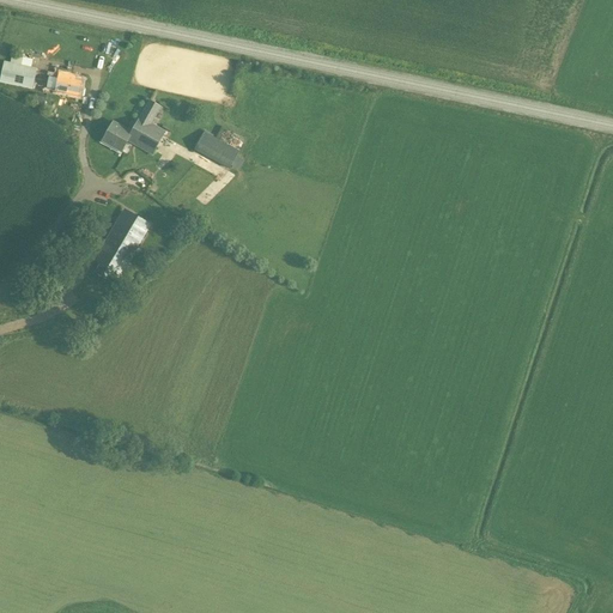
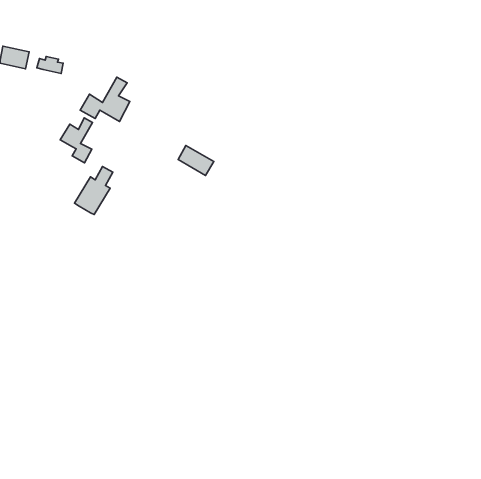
building: [194,129,239,168] -> [178,145,214,176]
building: none -> [60,118,92,163]

